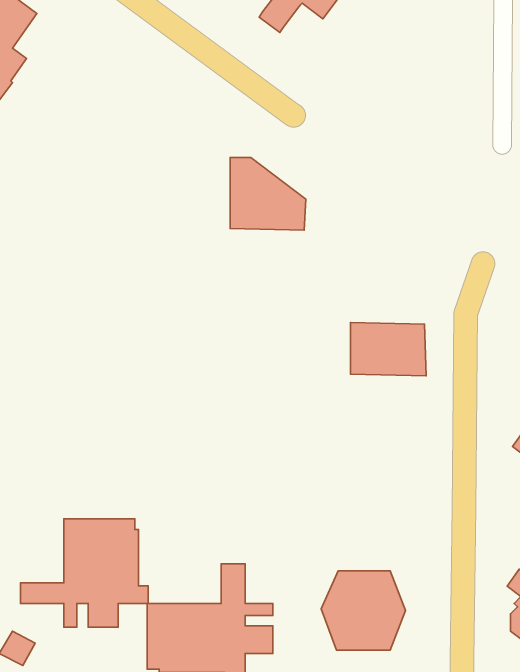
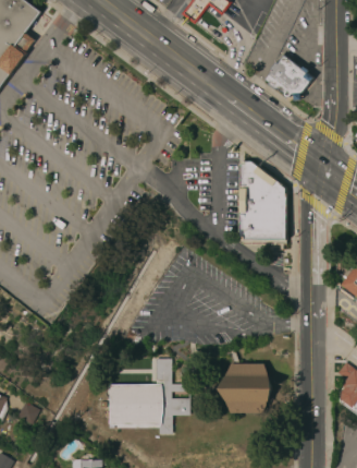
building: none -> [266,55,312,99]
building: [230,158,306,230] -> [238,161,286,207]
building: [21,519,148,627] -> none

